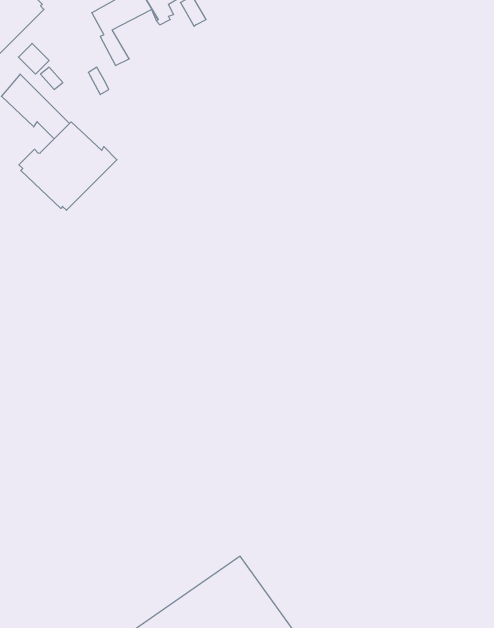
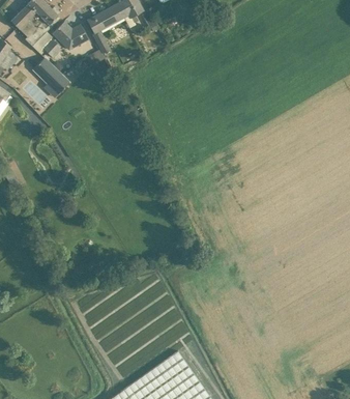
building: none -> [51,22,88,51]
building: [19,122,117,210] -> none

